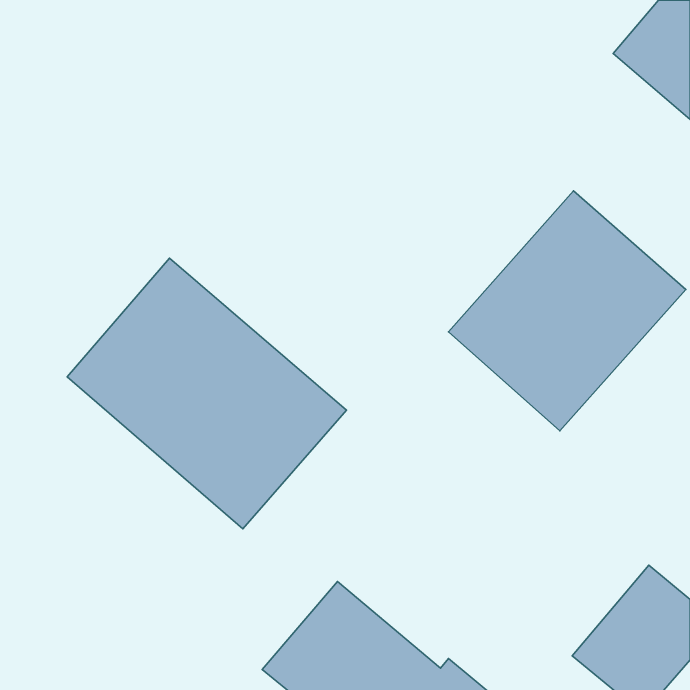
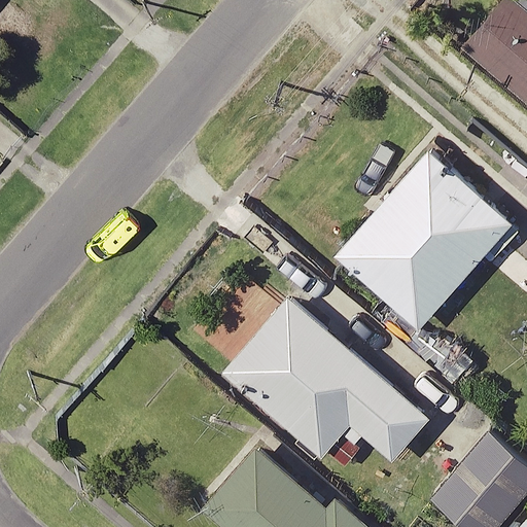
building: [67,258,347,529] -> none
building: none -> [223,297,431,464]

